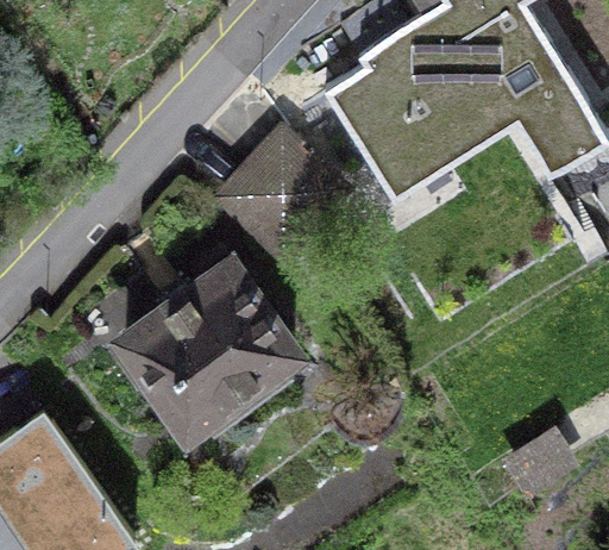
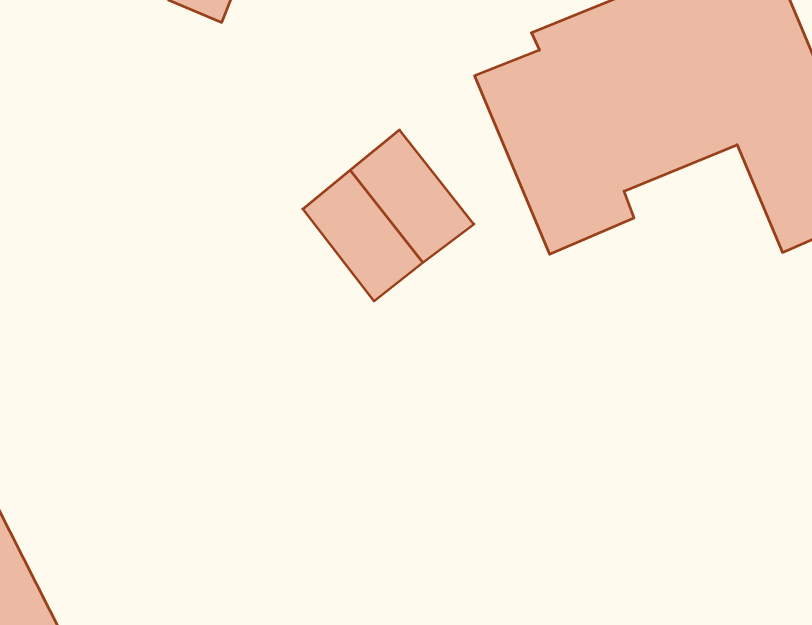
building: [124,268,291,438] -> none

